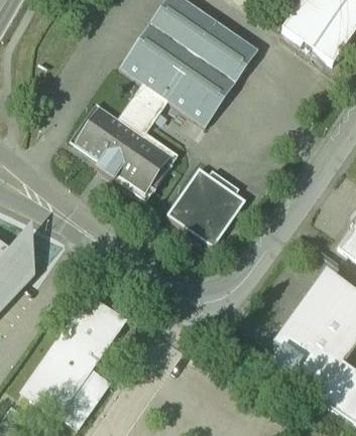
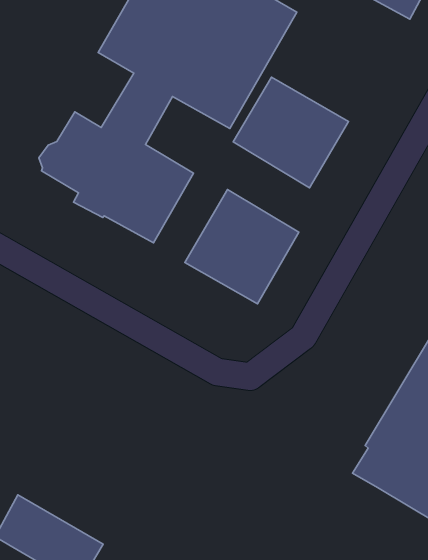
building: none -> [233,77,348,188]
building: [39,294,125,402] -> none

